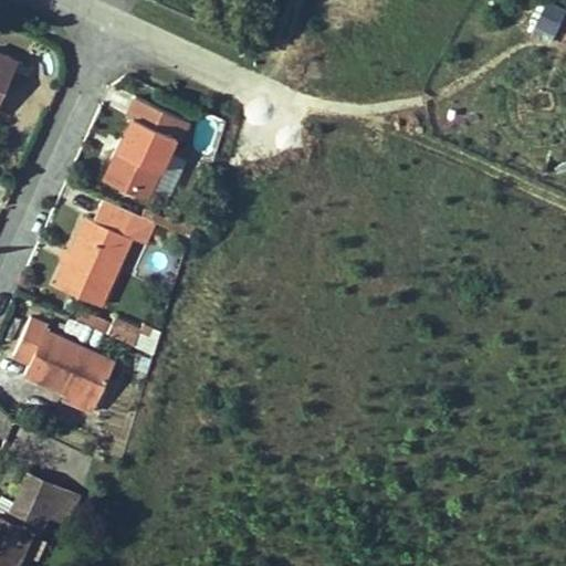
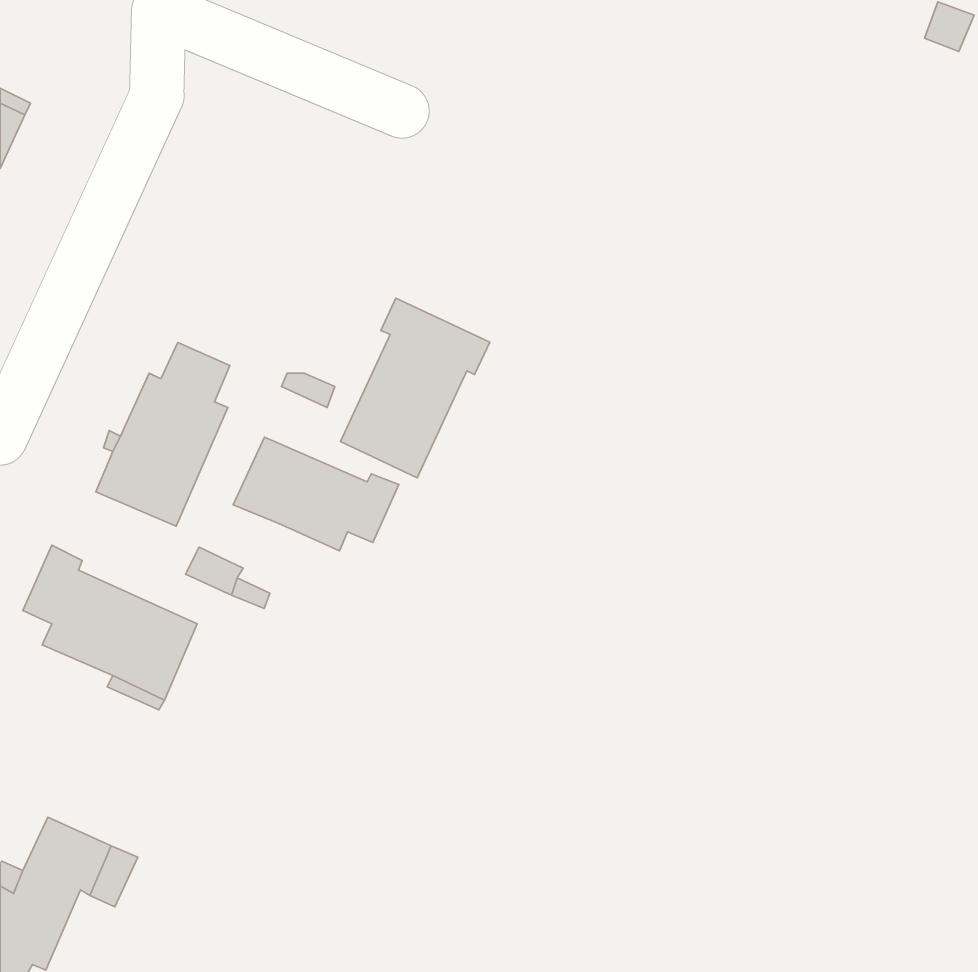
building: [103,98,189,202] -> [340,298,490,478]
building: none -> [233,437,399,551]

